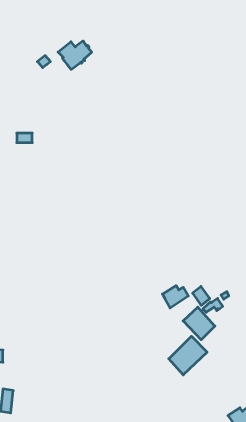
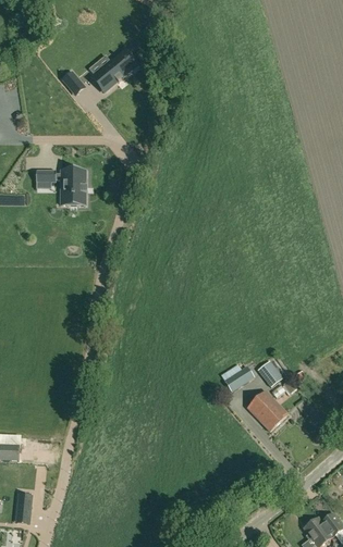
building: none -> [61,169,86,204]
building: [169,336,207,375] -> none

